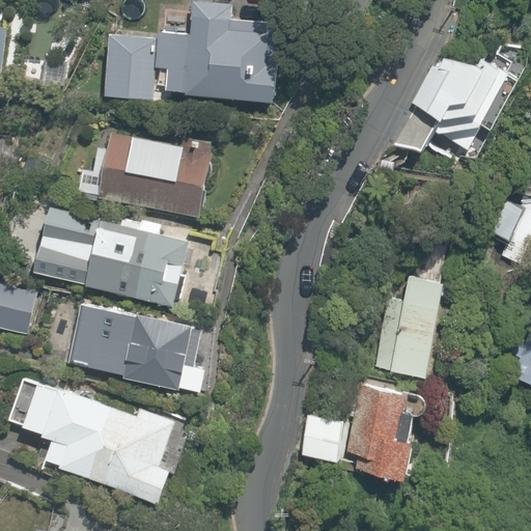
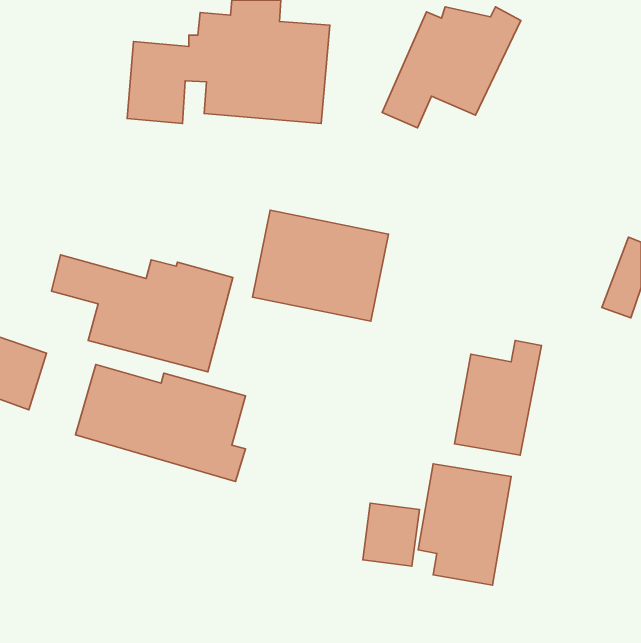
building: [393,60,507,160] -> [382,7,521,128]
building: [99,124,211,216] -> [253,210,389,321]
building: [5,372,186,507] -> none

